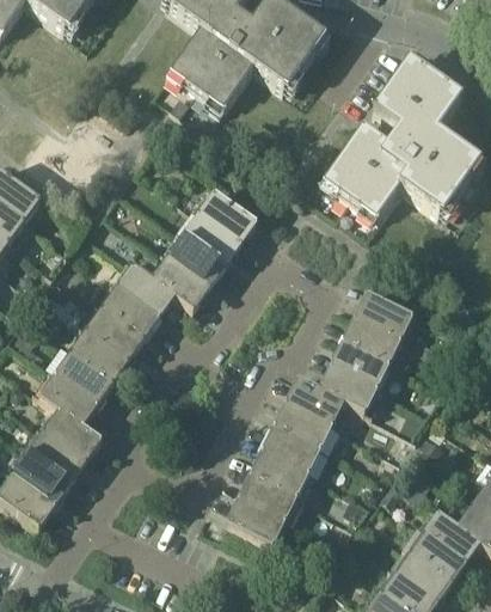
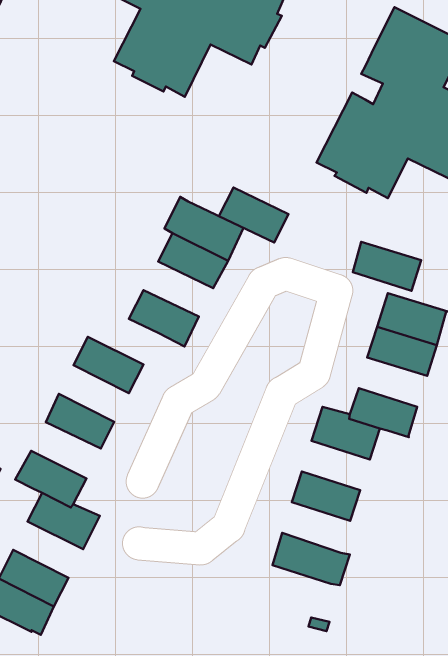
building: [168,234,226,284] -> [219,188,289,243]
building: [117,263,176,317] -> none
building: [86,308,143,360] -> none
building: [332,339,389,386] -> [353,242,421,291]
building: [56,351,113,403] -> none
building: [275,400,332,447] -> none
building: [29,430,86,482] -> none
building: [251,448,308,496] -> none
building: [228,497,284,543] -> none

